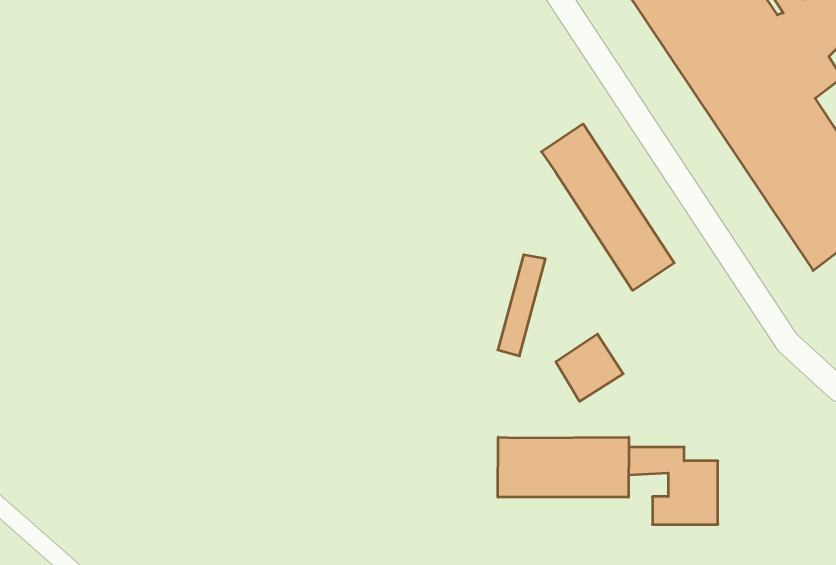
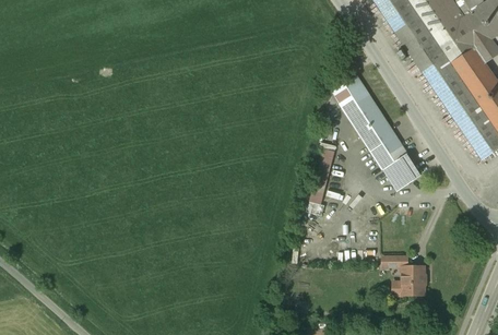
building: [556,334,623,401] -> [383,152,420,189]
building: [498,437,629,497] -> none

